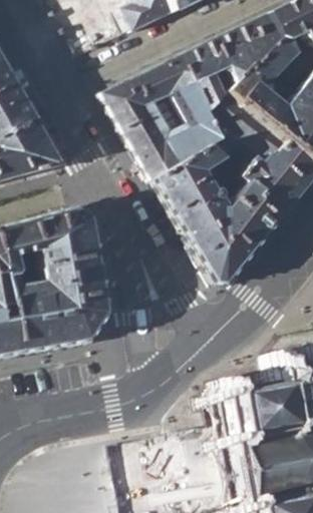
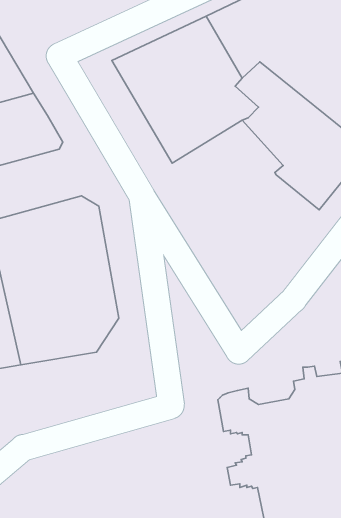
building: [155,141,282,284] -> none

